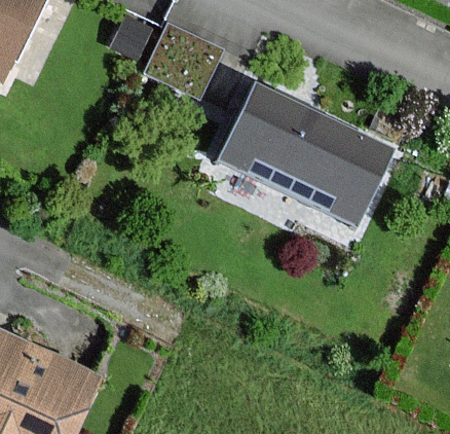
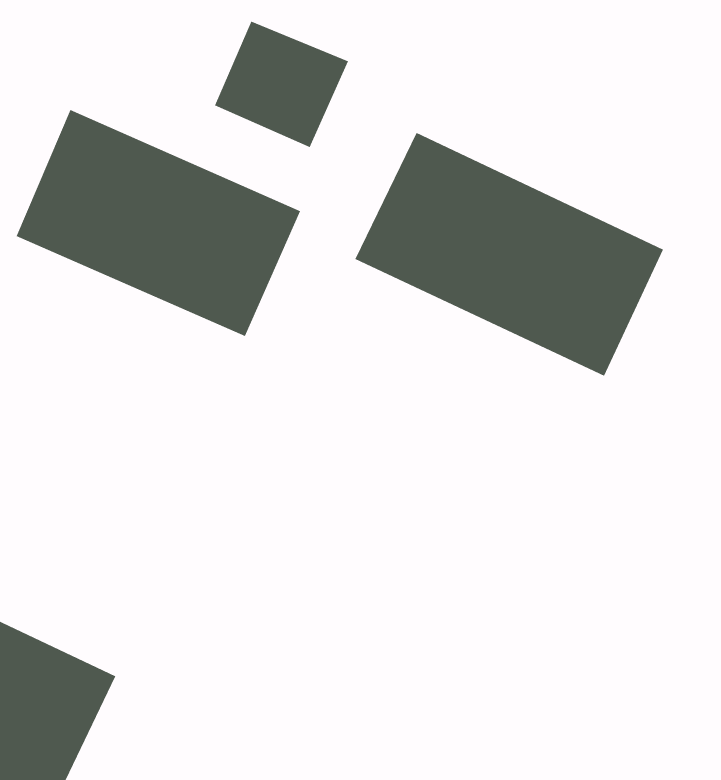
building: none -> [16,109,301,337]

